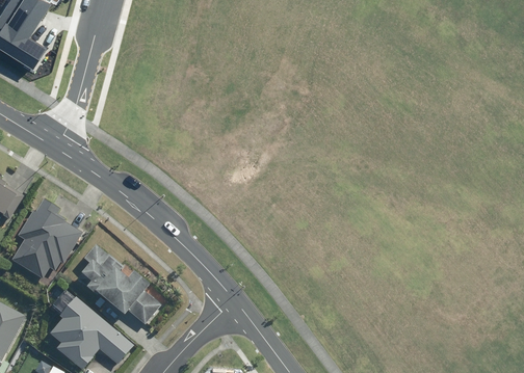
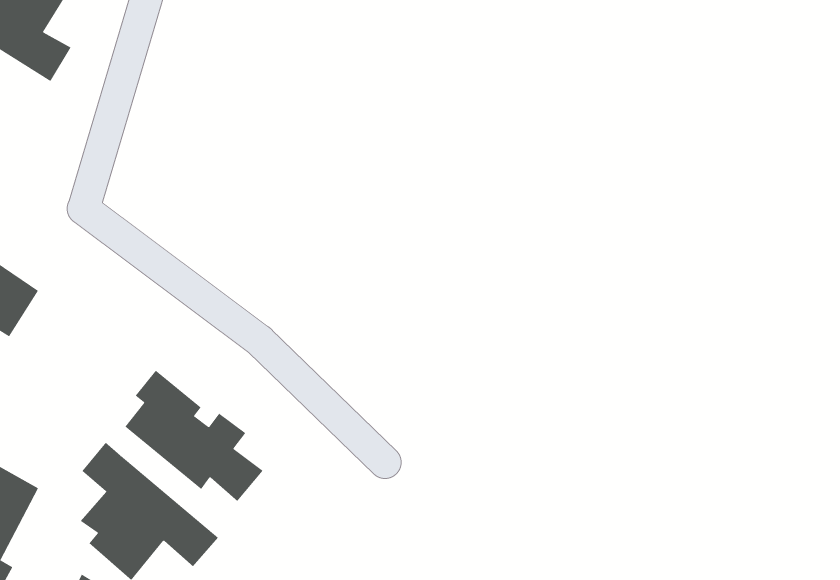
building: [10,196,82,281] -> none

